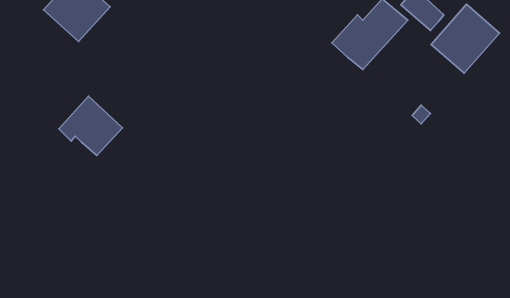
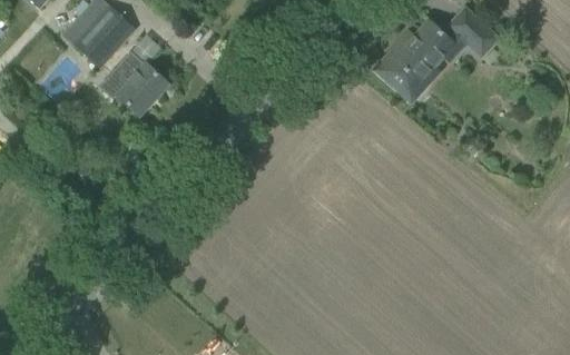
building: [431,4,499,73] -> none
building: [59,96,122,156] -> [98,50,167,115]

